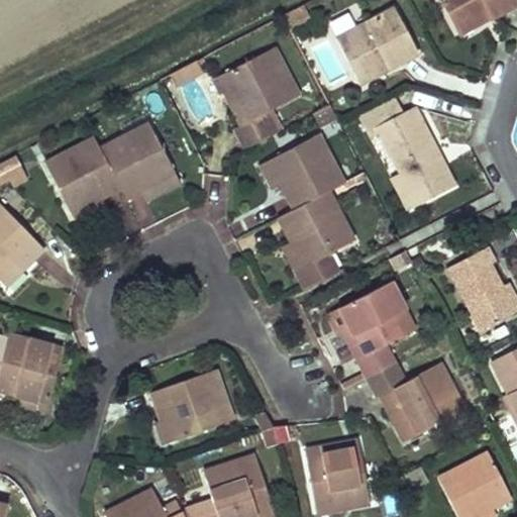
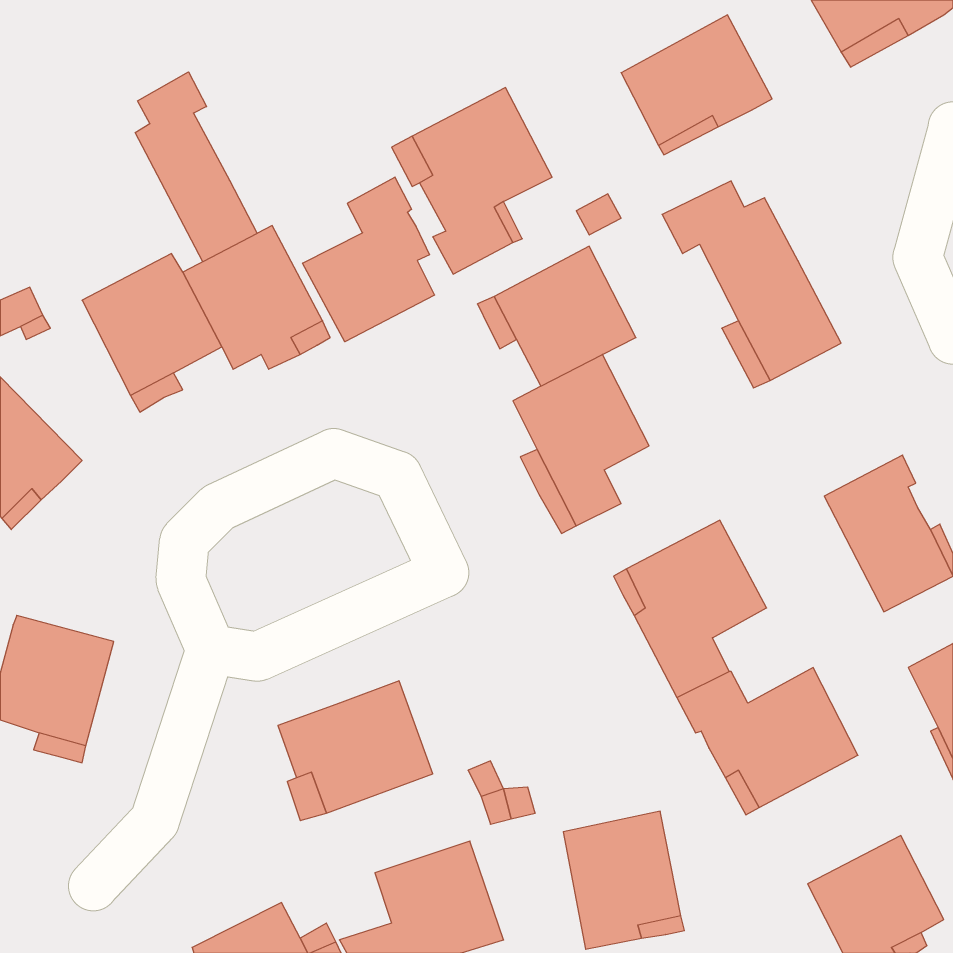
building: none -> [135,72,257,262]
building: none -> [303,177,435,342]

